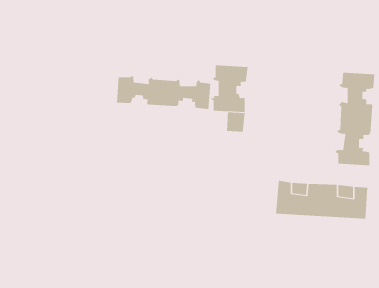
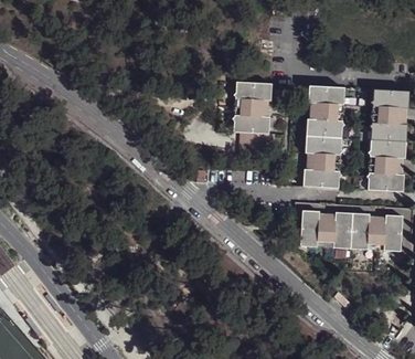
building: none -> [301,87,345,187]
building: [117,75,211,110] -> none

